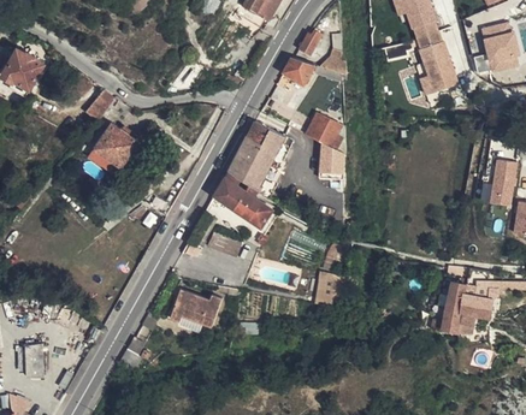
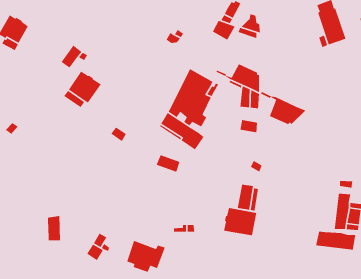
building: none -> [260,91,307,125]
building: [170,289,221,332] -> [126,240,166,273]
building: none -> [223,207,257,236]
building: none -> [315,231,356,251]
building: [25,343,43,377] -> [47,215,61,241]

